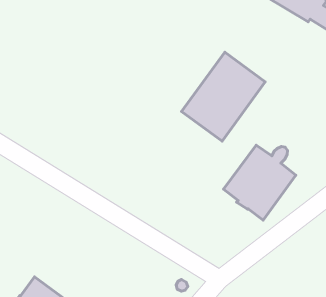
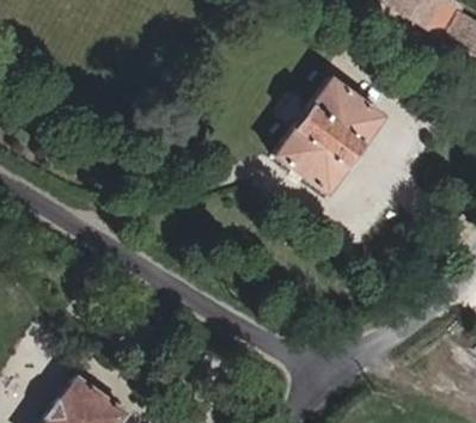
building: [223,145,296,220] -> none

